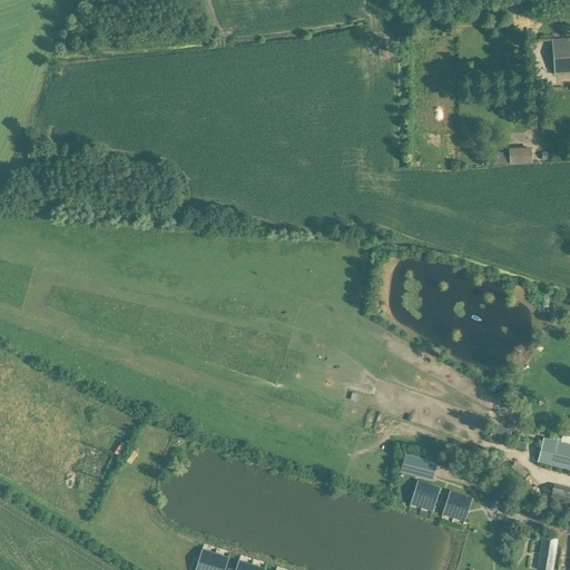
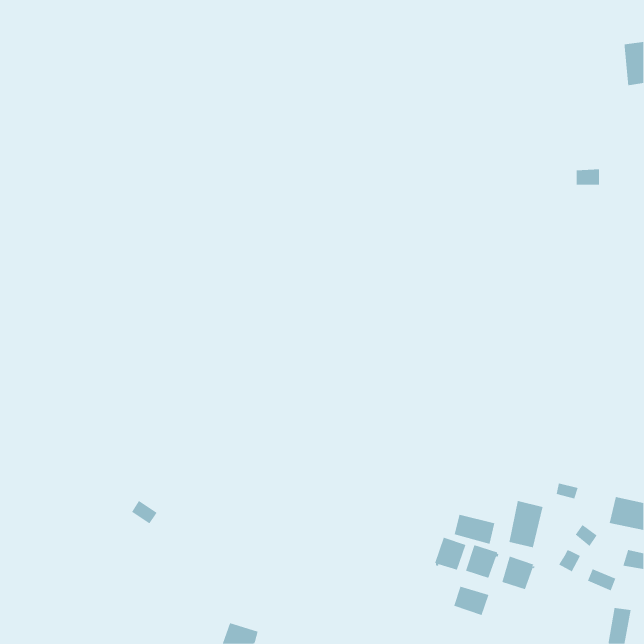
building: none -> [509,500,543,548]
building: none -> [435,537,466,571]
building: none -> [453,586,489,616]

